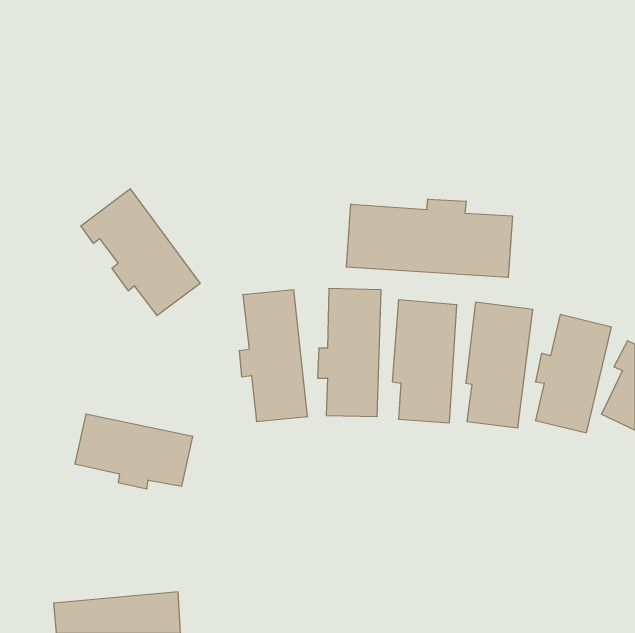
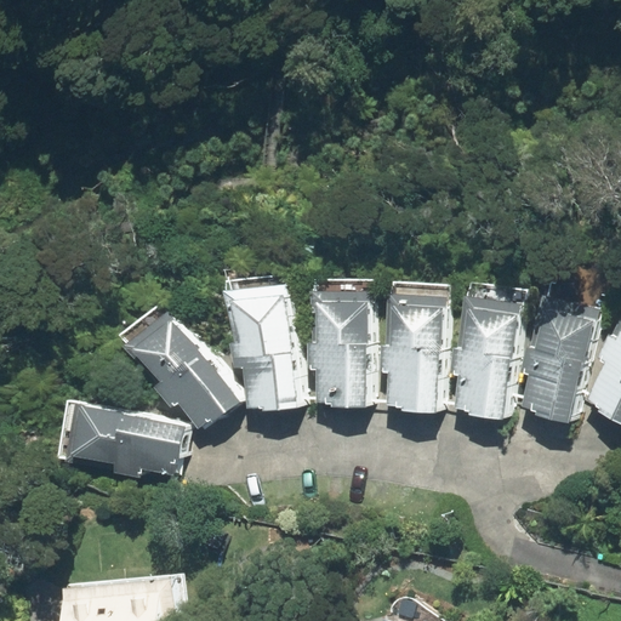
building: [81,189,200,316] -> [126,308,243,432]
building: [347,199,512,278] -> none

